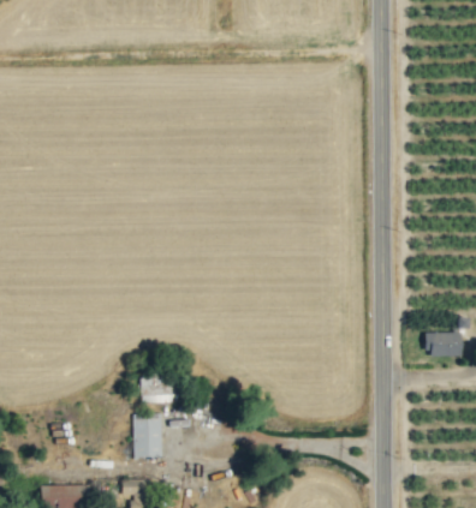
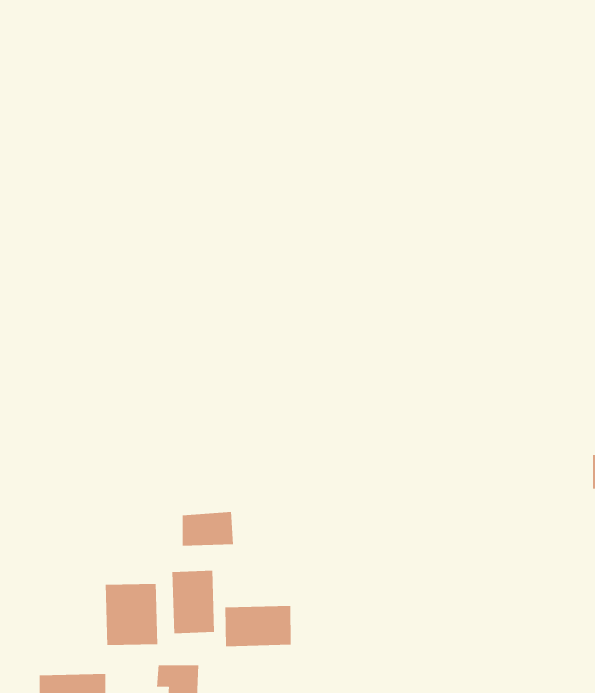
building: none -> [105,583,158,646]
building: none -> [225,605,291,647]

